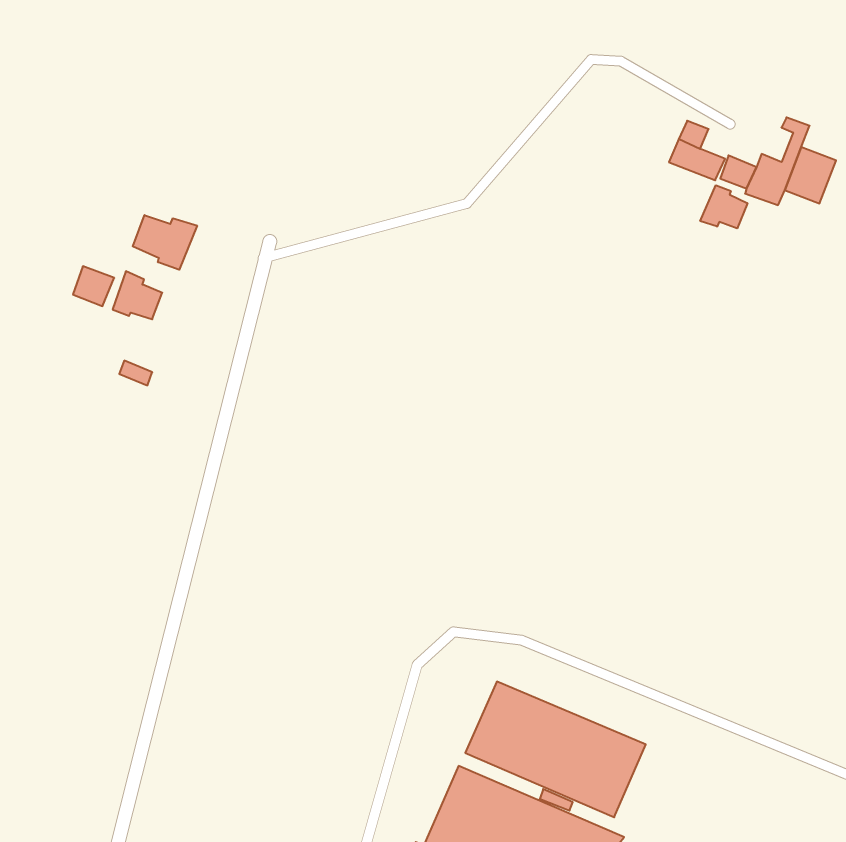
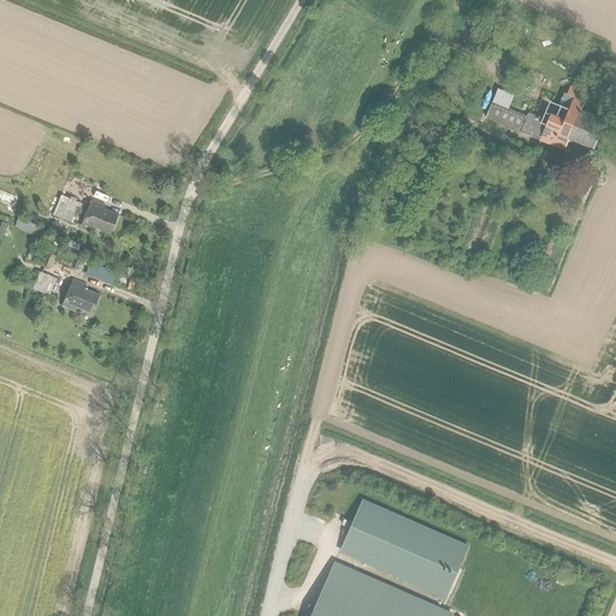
building: [700,185,747,228] -> none
building: [133,215,197,270] -> none
building: none -> [61,280,100,315]

